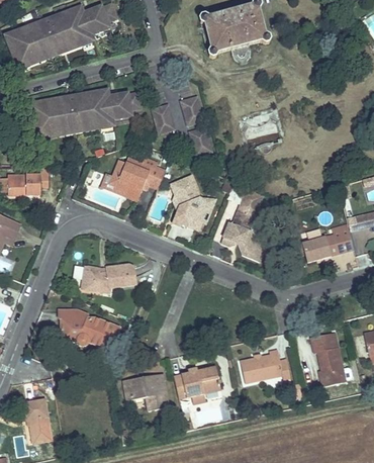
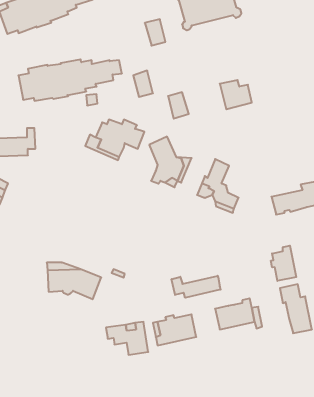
building: [181,96,203,124] -> [145,19,165,46]
building: [81,265,134,291] -> none
building: none -> [271,246,296,281]
building: none -> [172,276,221,298]
building: [23,401,51,440] -> none

